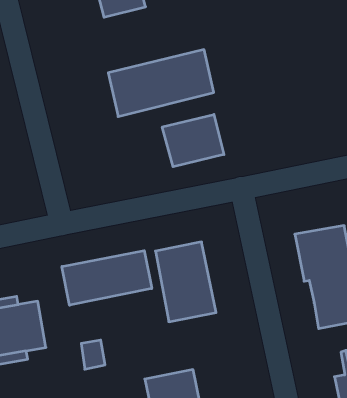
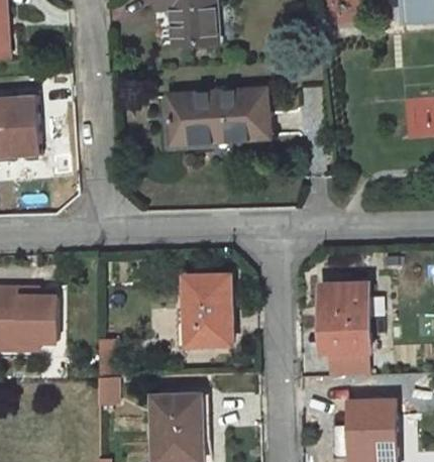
building: [162,114,224,167] -> none
building: [62,251,152,305] -> none

